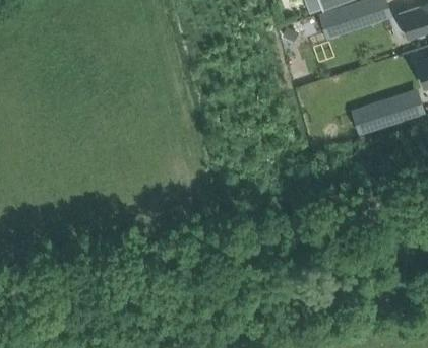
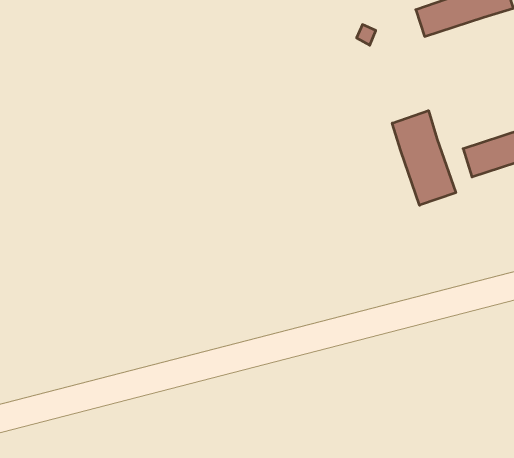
building: none -> [392,111,456,205]

